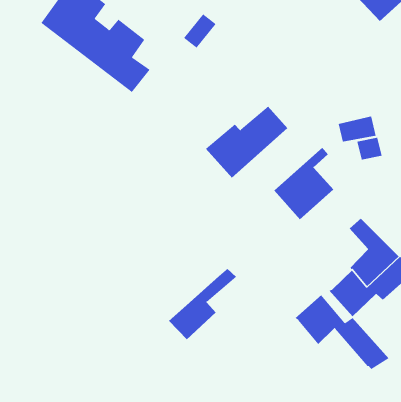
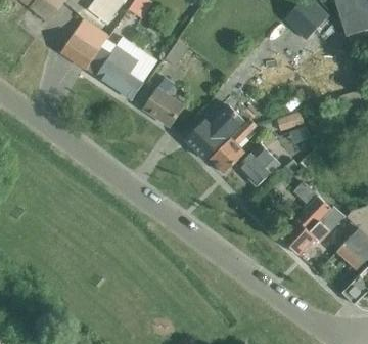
building: none -> [142,78,183,128]
building: [168,268,237,340] -> [209,119,257,173]
building: [295,294,389,370] -> none

